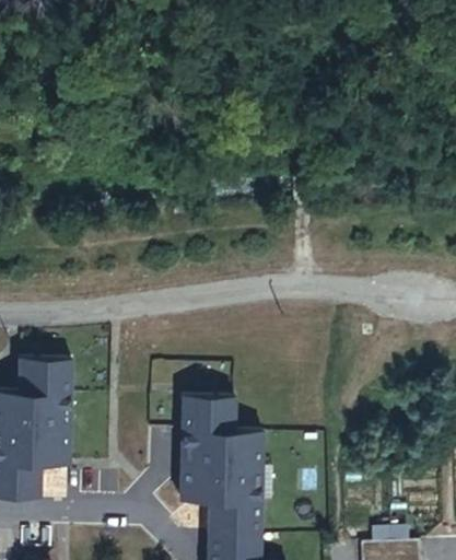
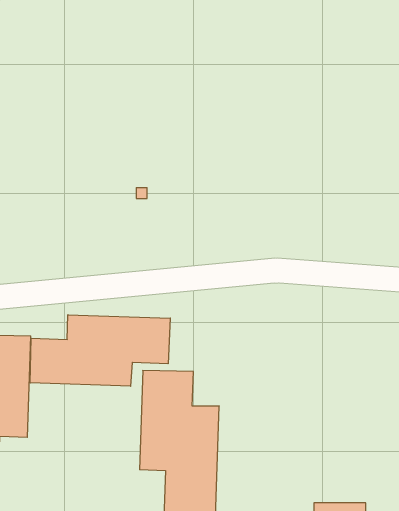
building: none -> [30,315,170,386]

